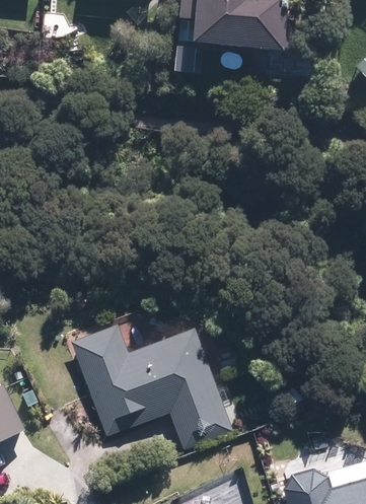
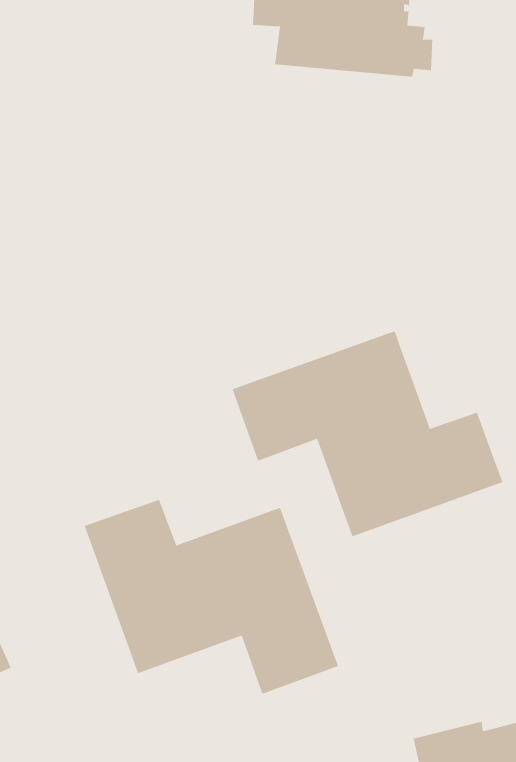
building: none -> [232,330,503,537]

